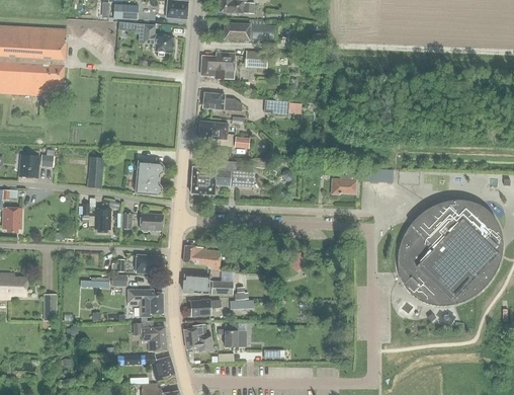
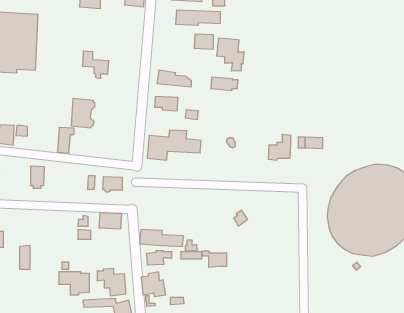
building: [142,24,172,56] -> [82,51,109,78]
building: [200,52,234,79] -> none
building: none -> [217,38,244,71]
building: [135,161,162,194] -> [71,99,95,128]
building: [94,207,110,232] -> [30,166,45,188]
building: [182,245,220,269] -> none
building: [126,290,162,316] -> [59,272,90,295]
building: [217,328,245,346] -> [202,251,227,267]

